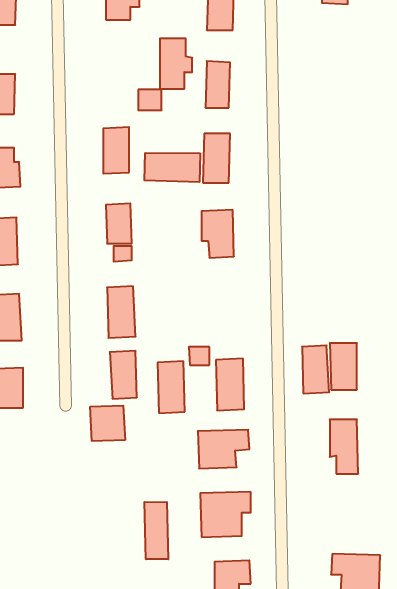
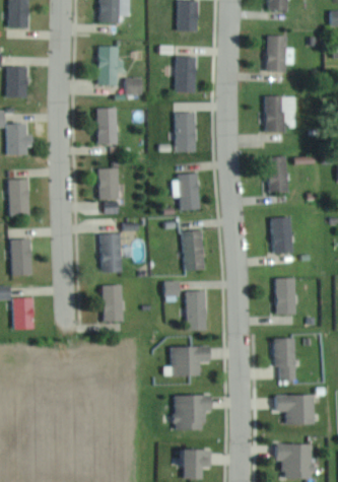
building: none -> [266,36,294,72]
building: [160,38,192,89] -> [97,47,123,86]
building: none -> [264,96,296,134]
building: [144,153,200,182] -> none
building: none -> [268,157,288,195]
building: [302,345,329,393] -> [272,217,293,255]
building: [158,361,185,413] -> [183,231,204,272]
building: [90,406,125,441] -> none
building: none -> [275,395,315,424]
building: [144,502,168,559] -> none

